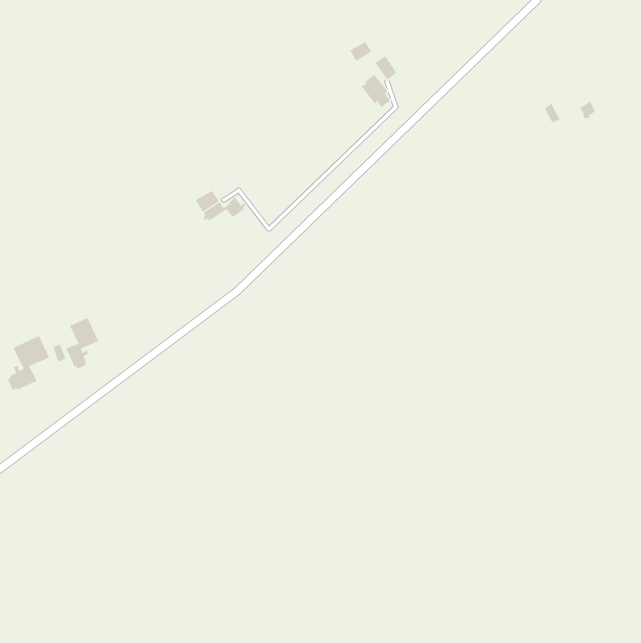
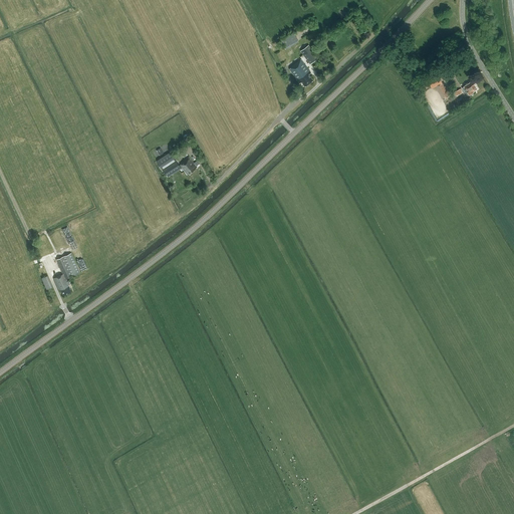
building: [7,335,50,391] -> none

